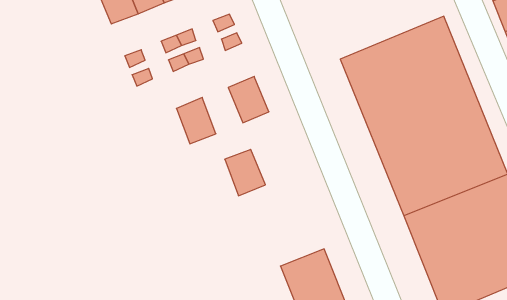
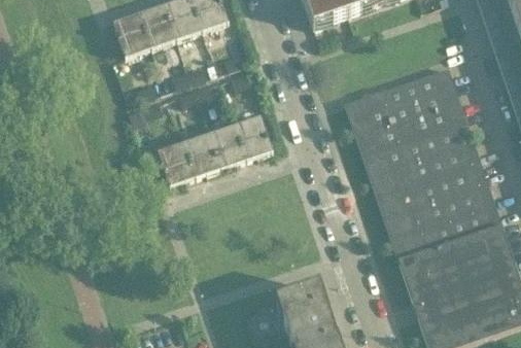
building: none -> [158,140,195,184]
building: [225,149,265,196] -> [209,123,247,167]

